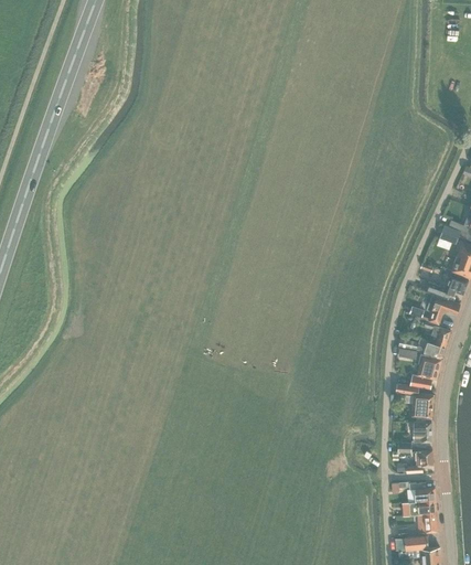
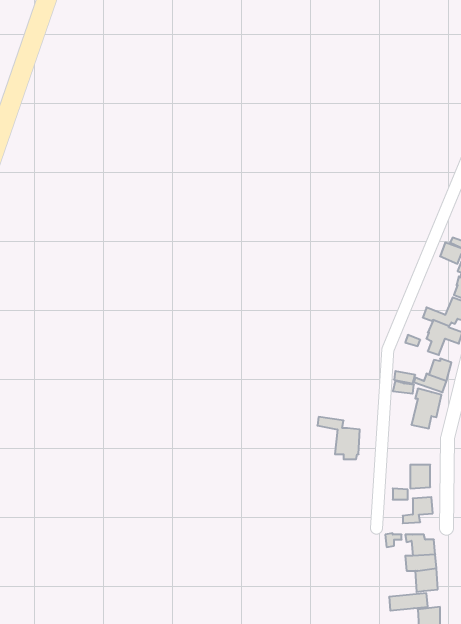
building: [394,384,431,422] -> [317,417,360,459]

